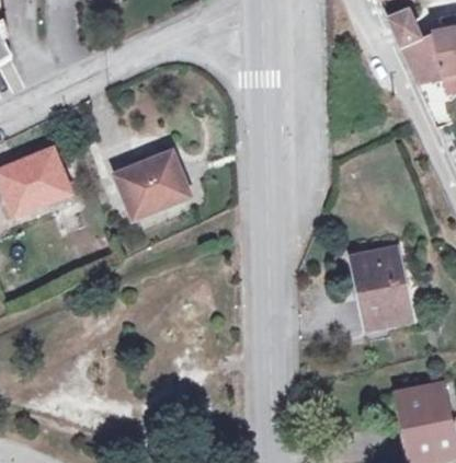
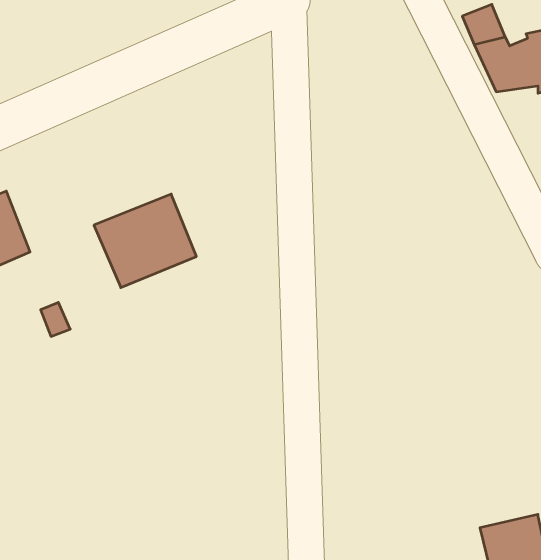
building: [354,250,413,327] -> none

